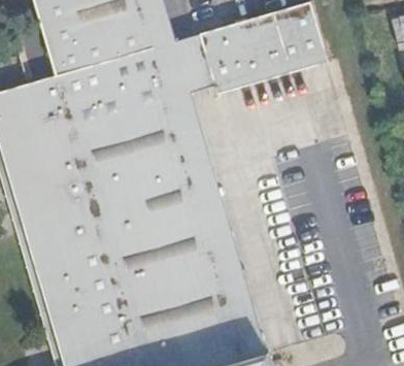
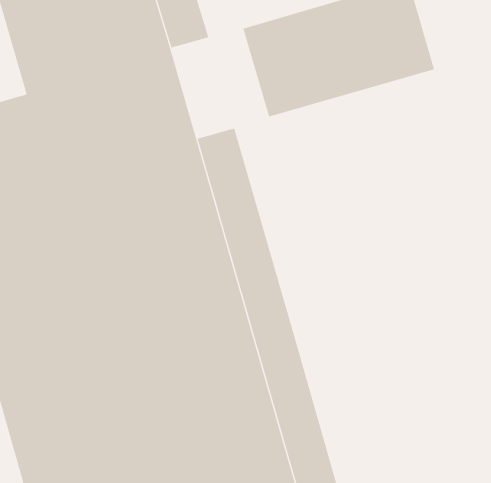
building: [150,33,216,107] -> none

